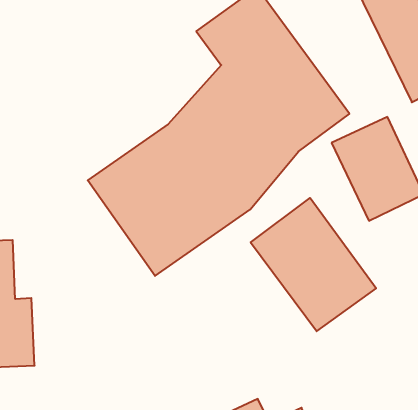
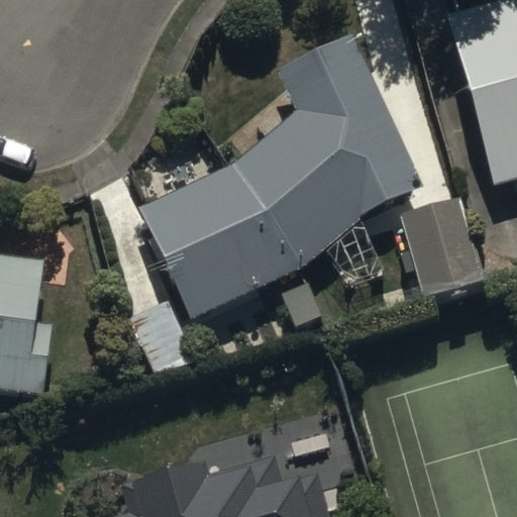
building: [251,198,376,331] -> none

